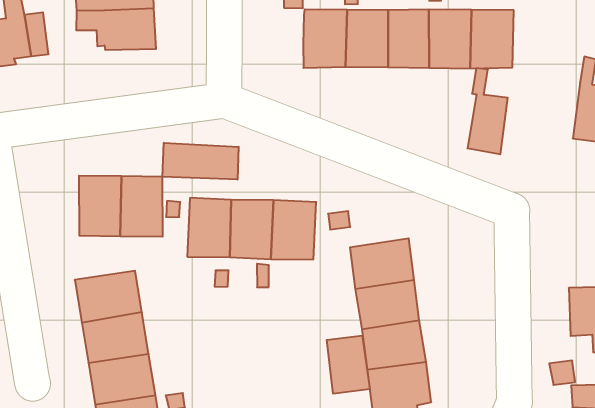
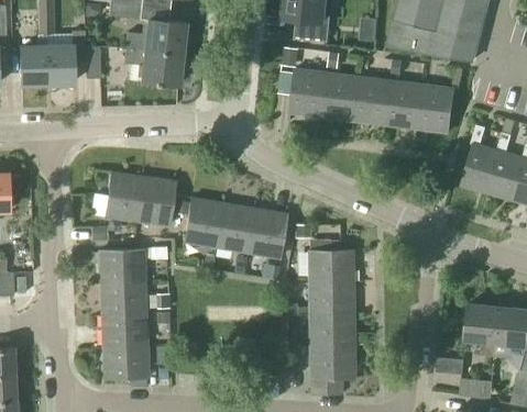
building: [467,68,508,154] -> [462,125,497,192]
building: [162,143,239,180] -> none
building: [327,335,370,394] -> none

